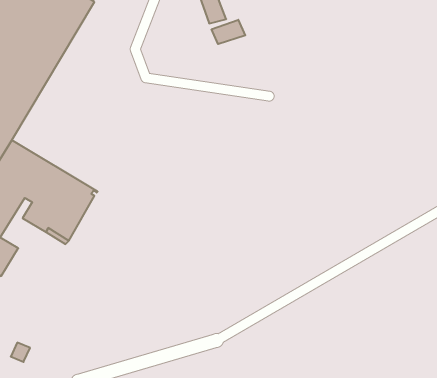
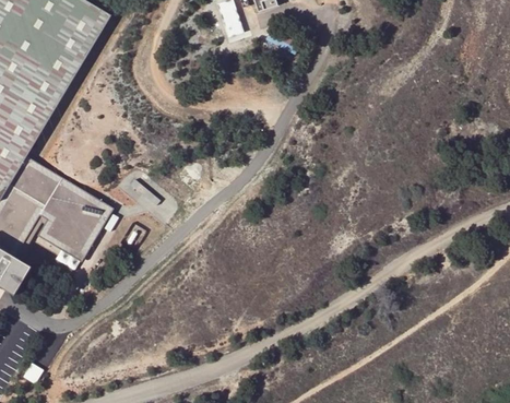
building: [212,20,245,44] -> none

